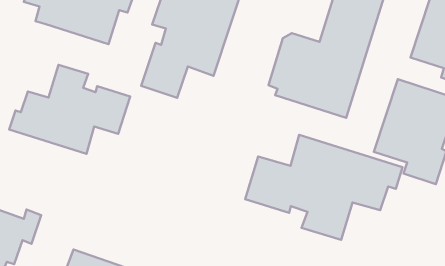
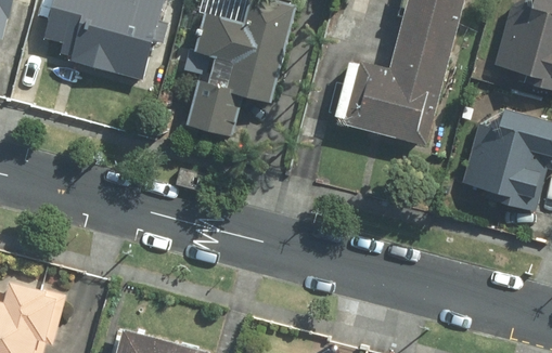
building: [9,65,130,154] -> none
building: [245,135,403,240] -> none

